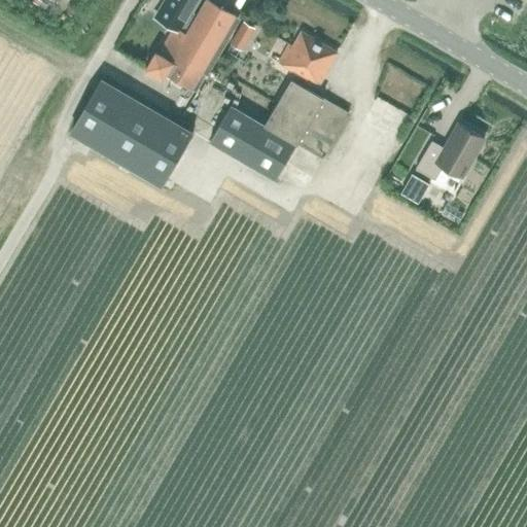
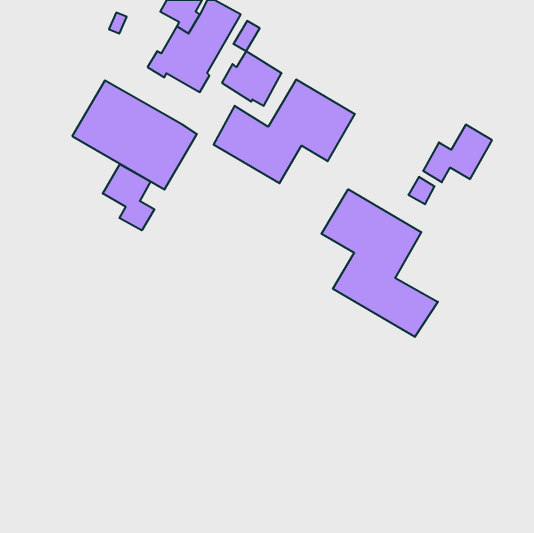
building: [278,33,337,86] -> [222,51,282,106]
building: none -> [103,164,154,230]
building: none -> [321,189,438,337]

